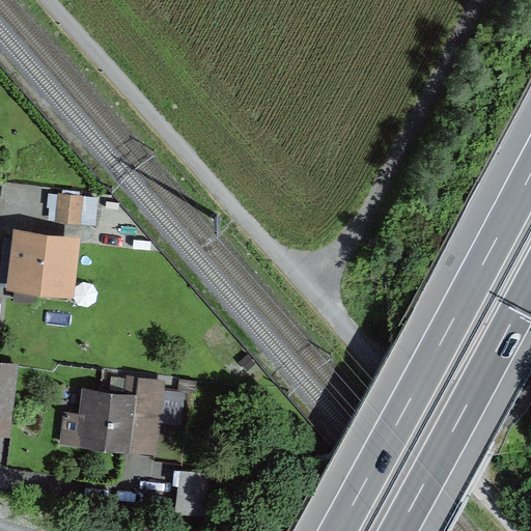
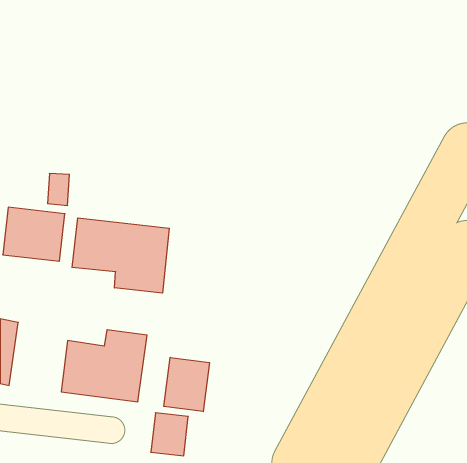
building: none -> [72,218,169,293]
building: none -> [164,357,210,412]

